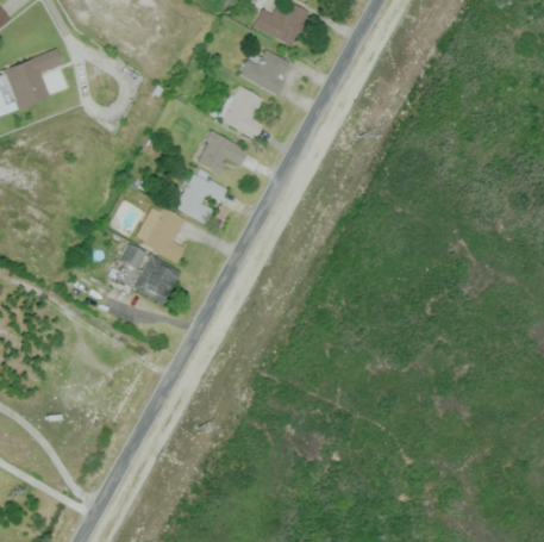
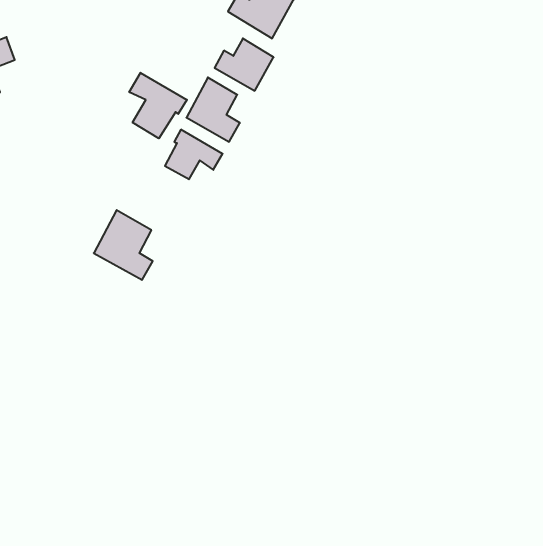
building: none -> [129,73,187,138]
building: [175,172,225,225] -> none
building: [108,243,181,305] -> none

